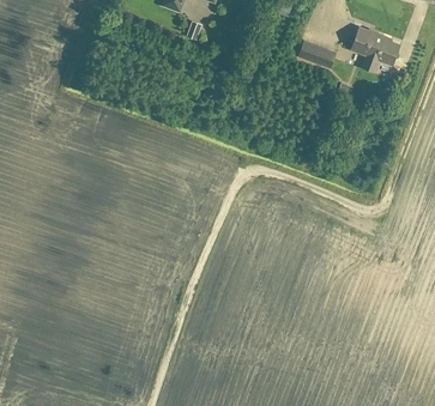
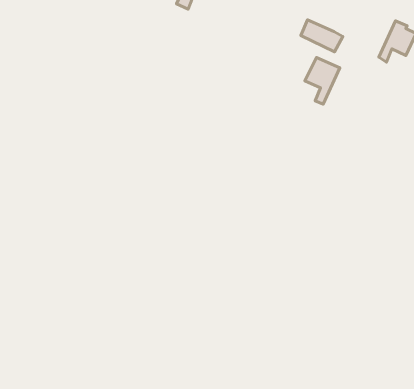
building: [351,28,381,68] -> [305,58,340,104]

